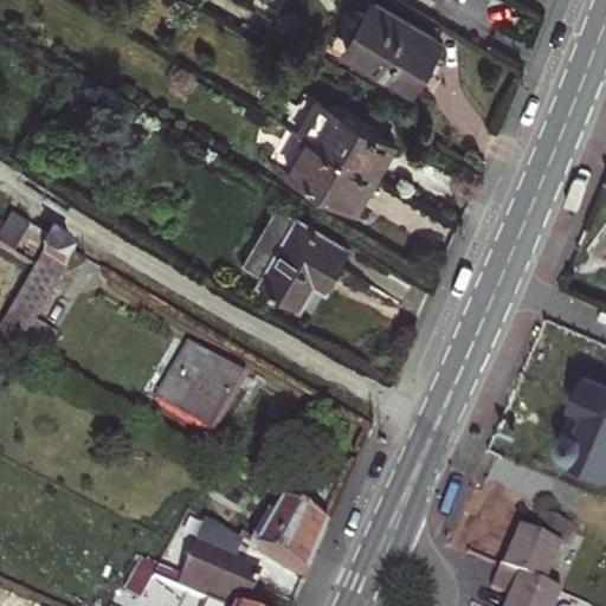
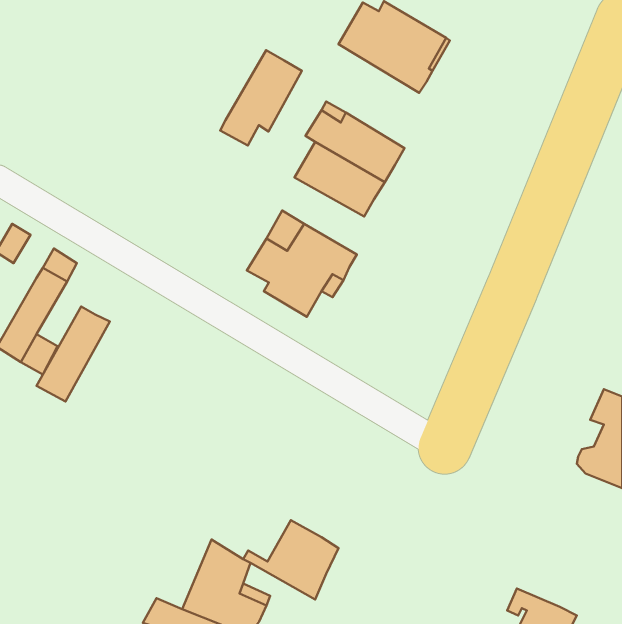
building: none -> [220,50,302,146]
building: none -> [36,307,110,402]
building: [157,348,245,436] -> none
building: [501,515,568,588] -> none

